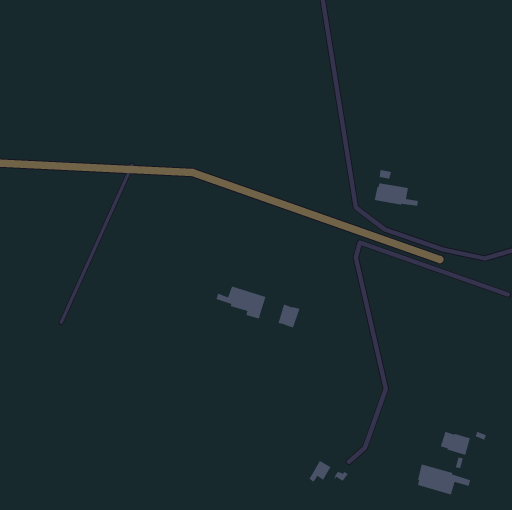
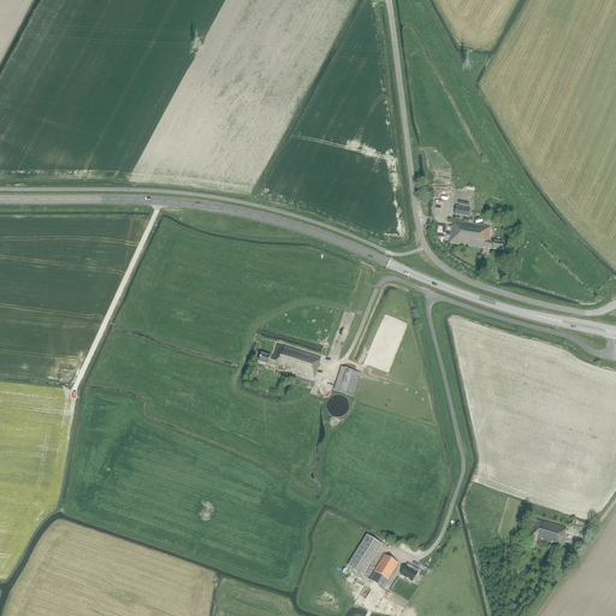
building: none -> [348,533,383,574]
building: [417,464,471,496] -> none

